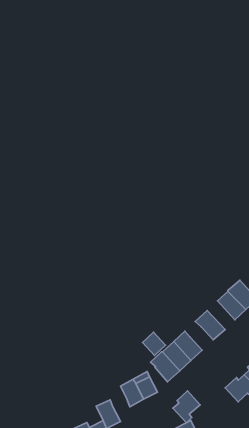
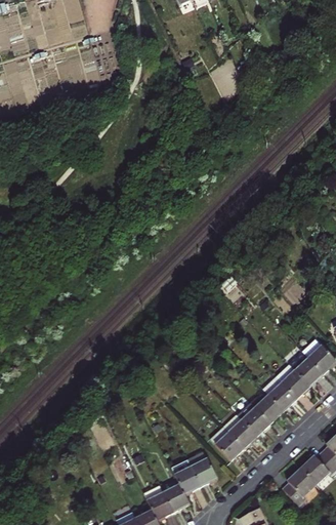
building: none -> [277,366,309,400]
building: [142,332,166,356] -> [256,397,284,425]
building: [173,391,200,423] -> [281,470,313,508]
building: none -> [164,482,190,510]

